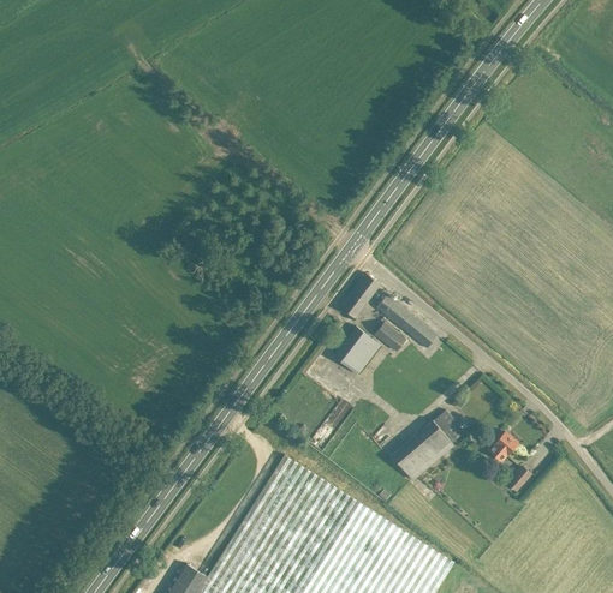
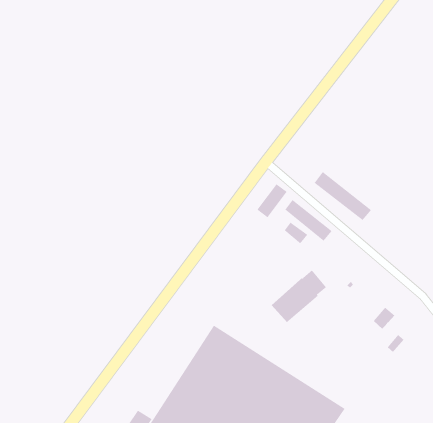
building: none -> [314,171,372,221]
building: [334,328,381,375] -> none
building: [392,412,464,480] -> [271,270,327,323]

